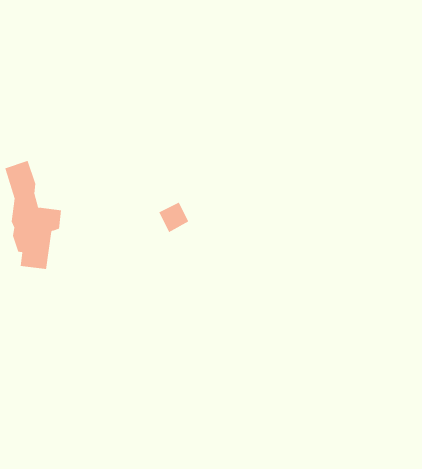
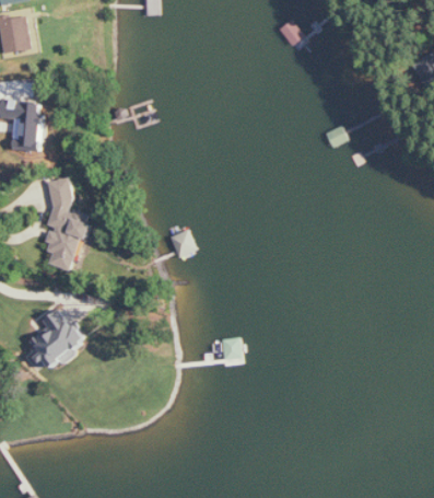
building: none -> [26,308,82,367]

